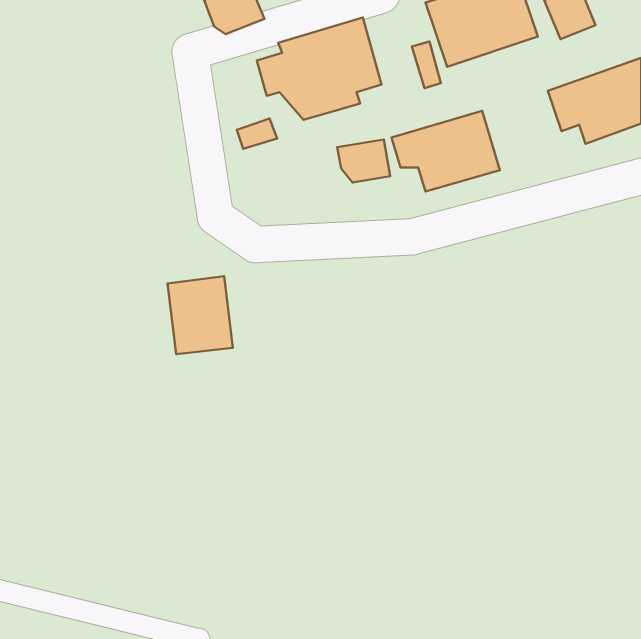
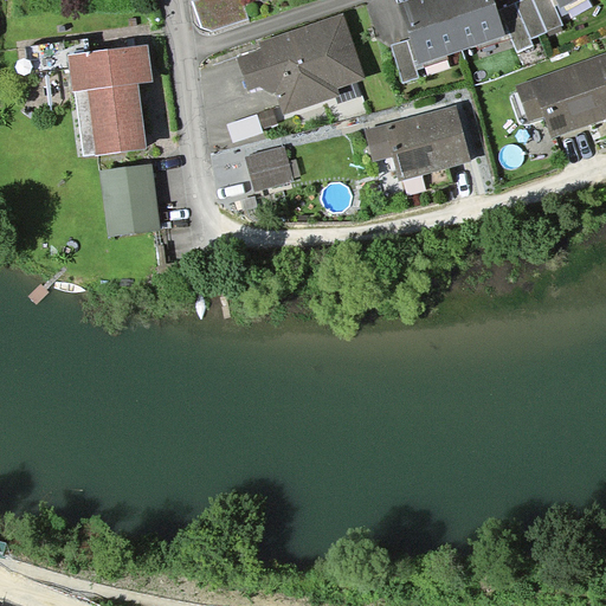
building: none -> [70,44,155,156]
building: [337,140,390,182] -> [240,147,290,187]
building: [167,276,233,354] -> [109,162,170,236]

